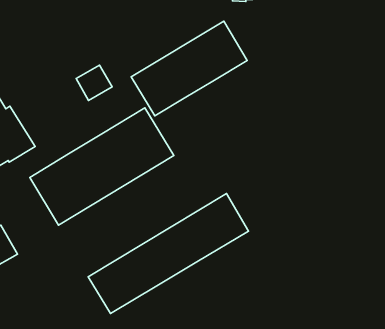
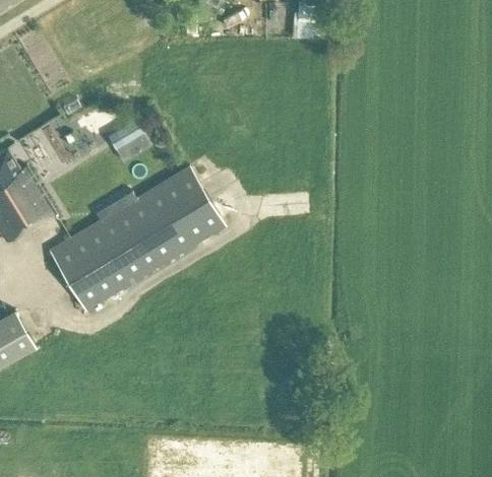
building: [131,21,247,116] -> none
building: [88,194,248,314] -> none

